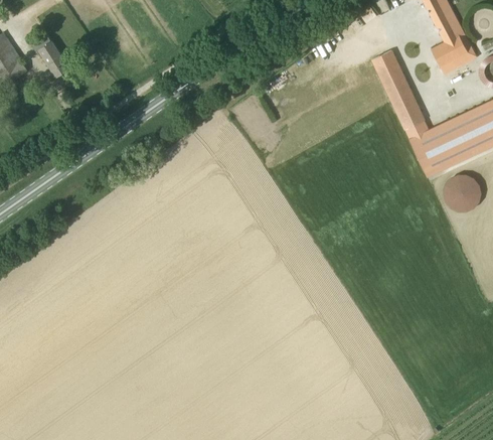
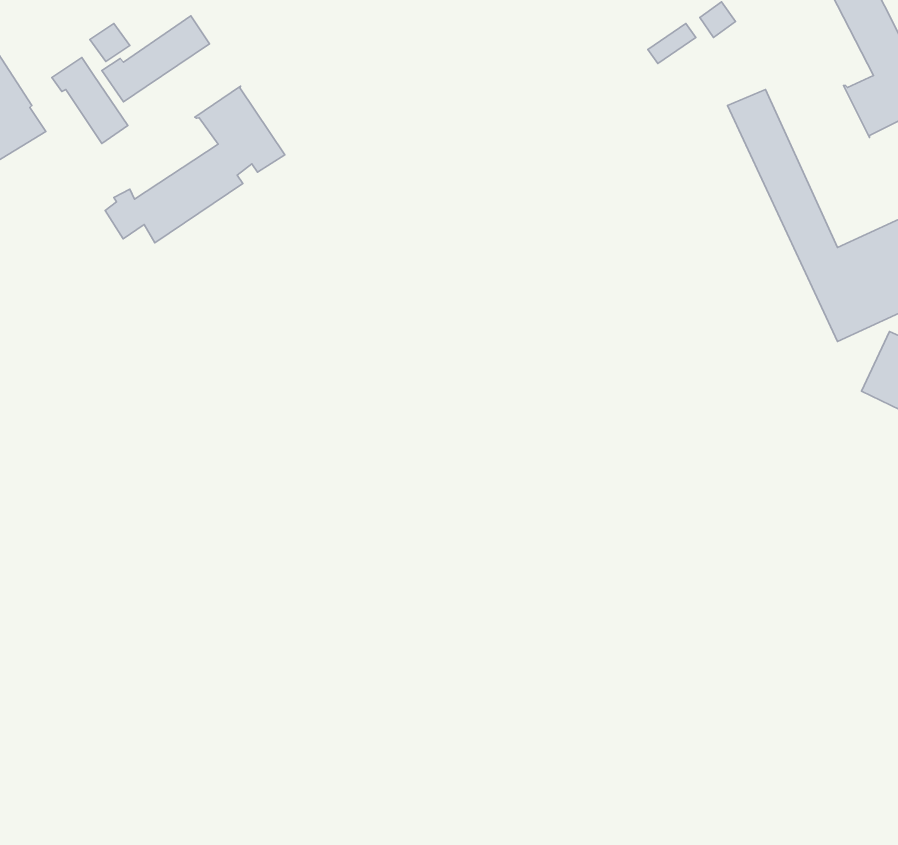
building: none -> [102,16,210,102]
building: none -> [105,86,285,243]

